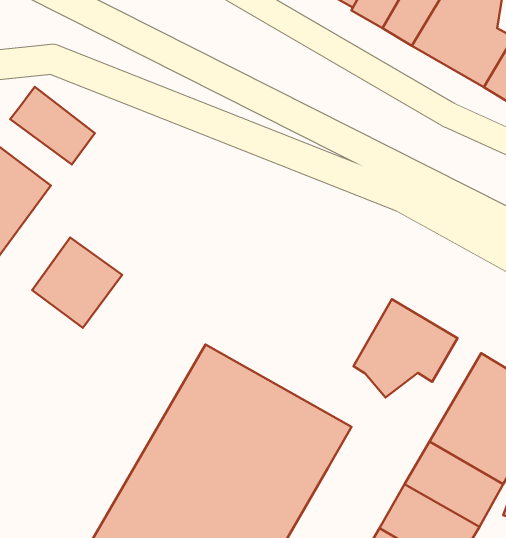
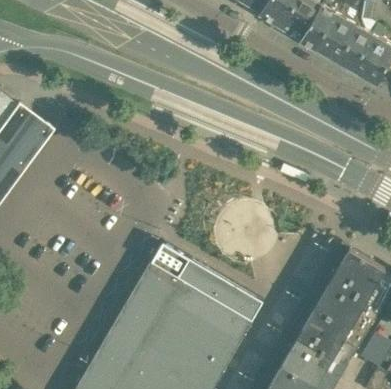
building: [10,87,95,165] -> none
building: [32,237,122,328] -> none
building: [353,299,457,397] -> none

